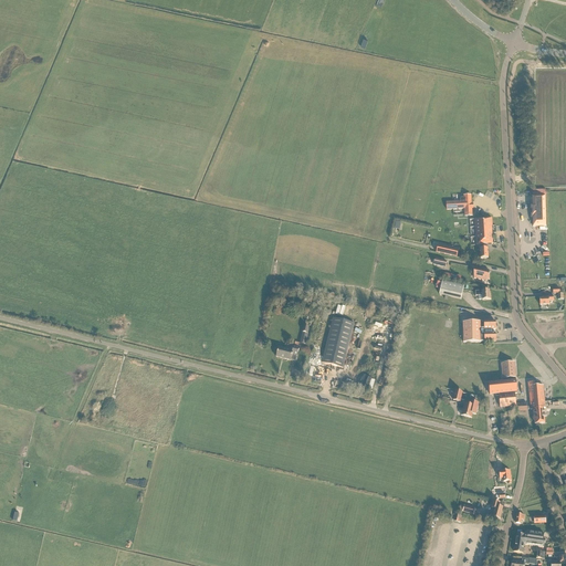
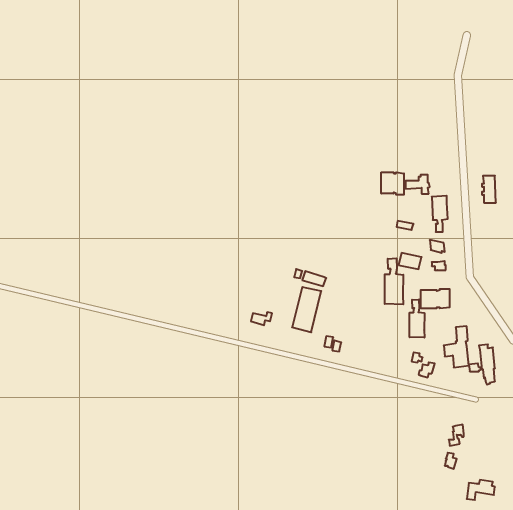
building: none -> [381,172,404,195]
building: none -> [385,258,403,304]
building: none -> [410,299,424,338]

